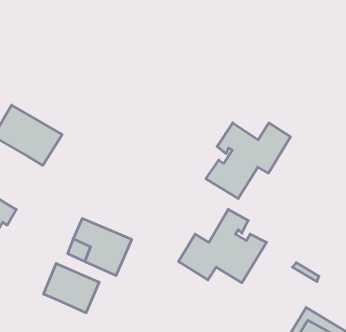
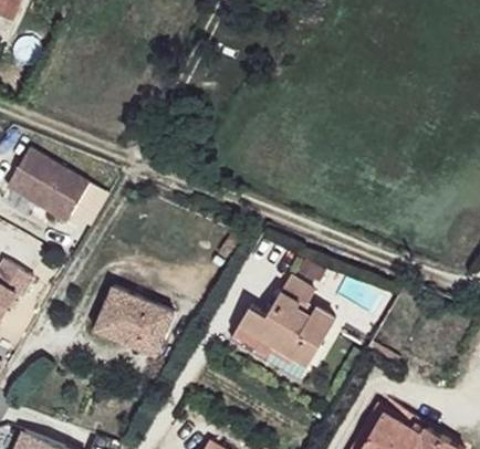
building: [206,123,290,199] -> none
building: [44,263,99,313] -> none

